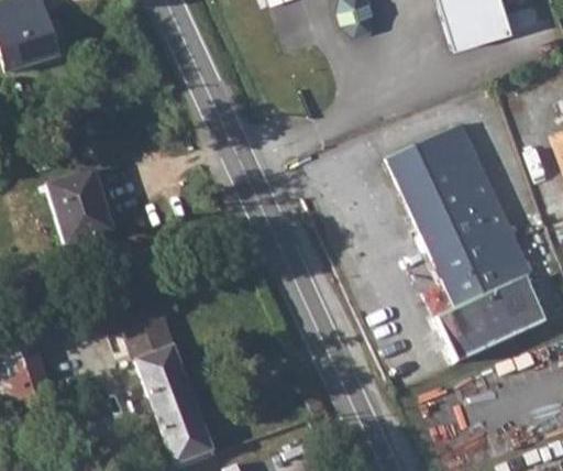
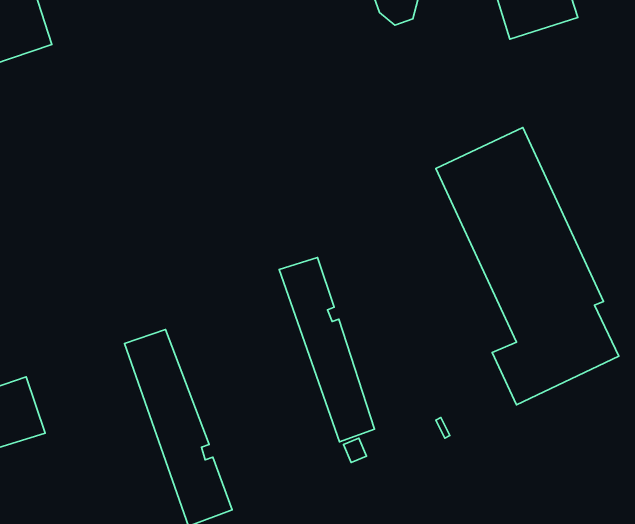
building: [47,167,109,243] -> none
building: none -> [279,257,375,442]

